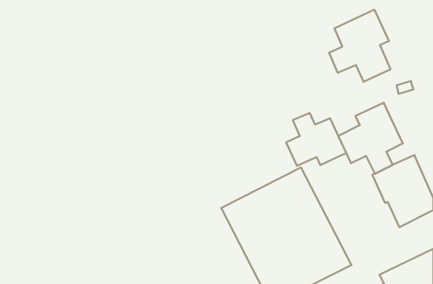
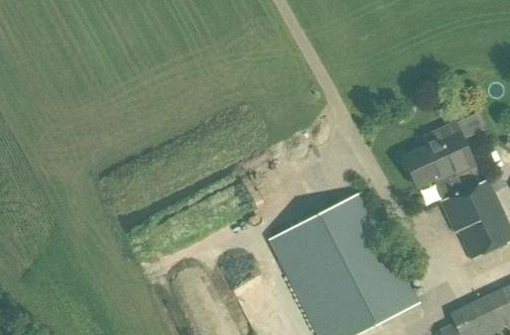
building: [329,10,390,82] -> none
building: [286,113,346,166] -> none

